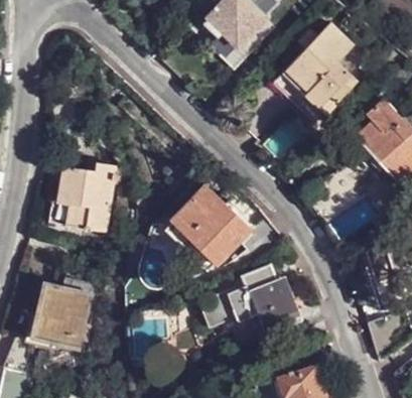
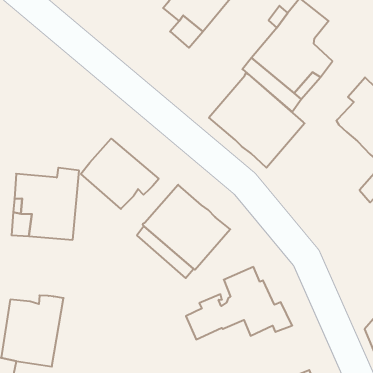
building: none -> [209,73,305,168]
building: none -> [81,139,159,209]

